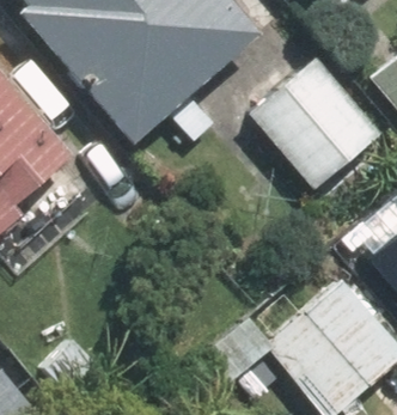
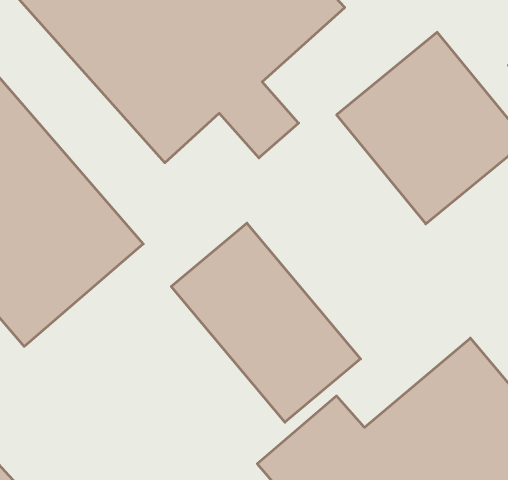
building: none -> [171,223,361,422]

